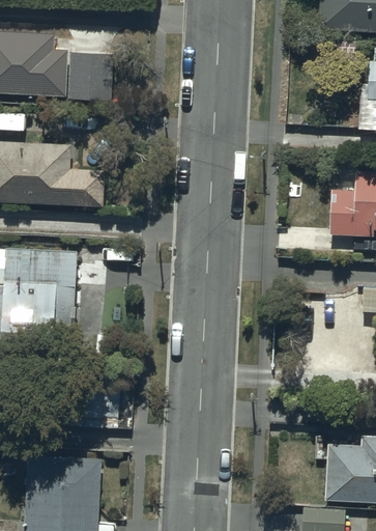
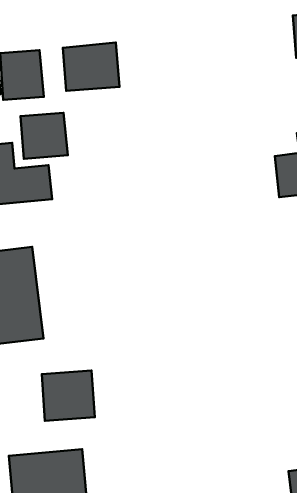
building: none -> [63,43,119,91]
building: none -> [21,113,68,159]

